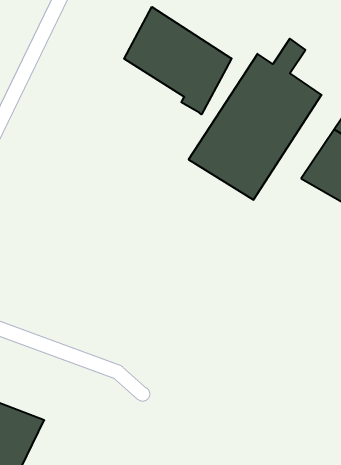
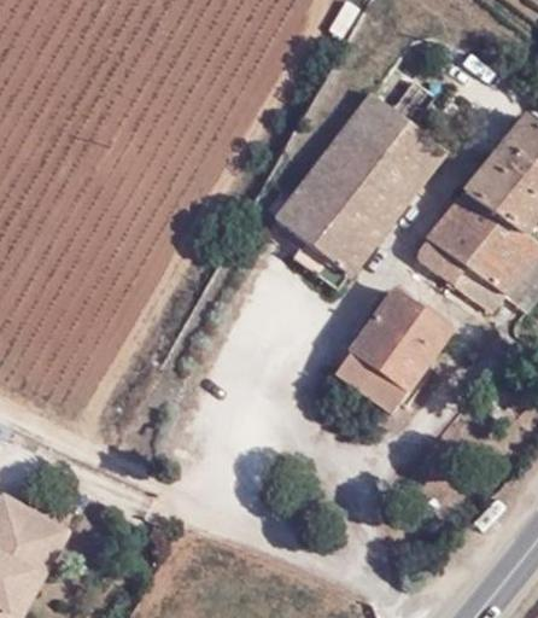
building: [124,7,232,114] -> none
building: none -> [335,288,450,408]

